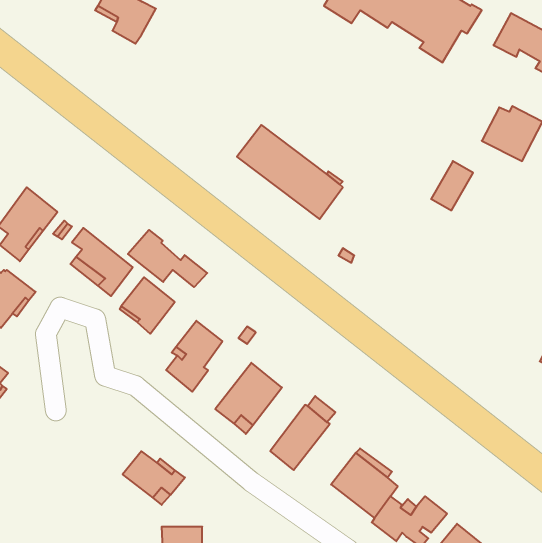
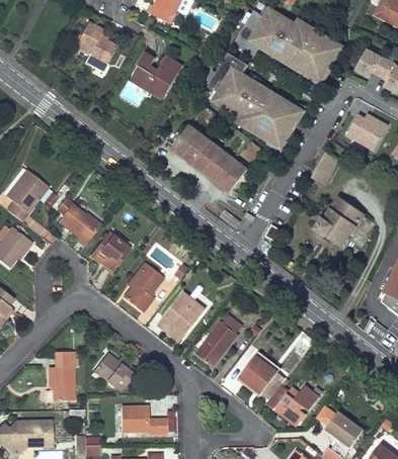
building: none -> [131,51,183,96]
building: none -> [208,52,301,149]
building: none -> [317,196,364,245]
building: [128,230,207,287] -> none
building: none -> [49,351,74,400]

